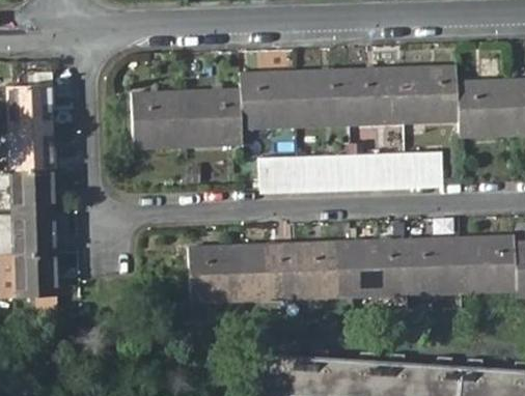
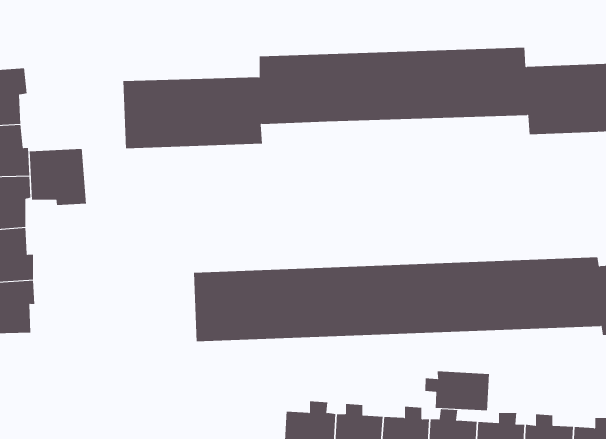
building: none -> [29,148,87,206]
building: [257,150,442,190] -> none
building: none -> [425,371,489,411]

